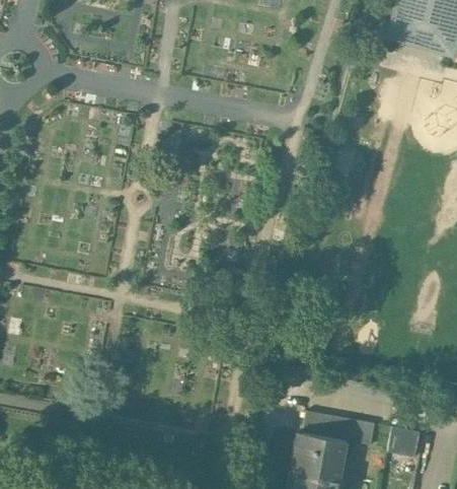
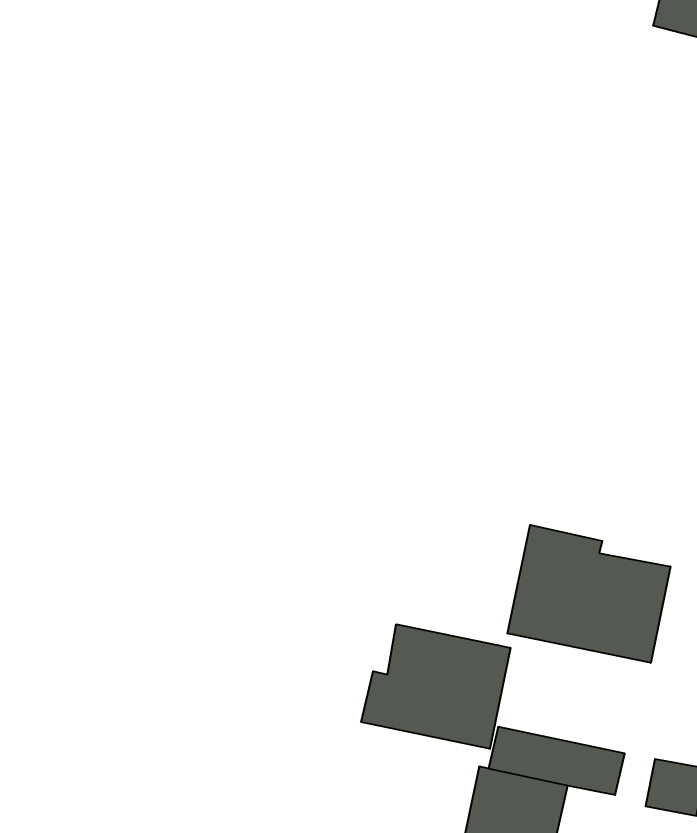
building: none -> [507,525,670,663]
building: none -> [361,624,510,749]

